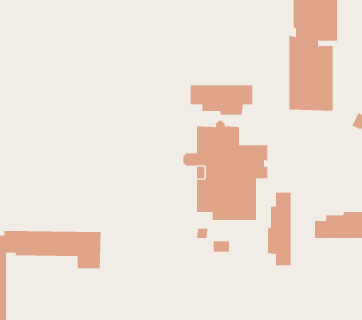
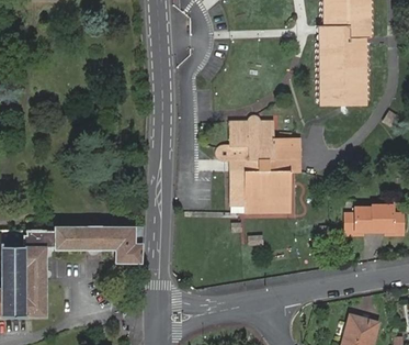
building: [190,85,253,116] -> none
building: [267,192,291,266] -> none

